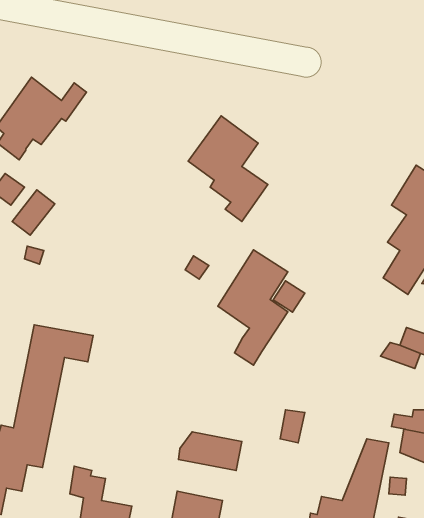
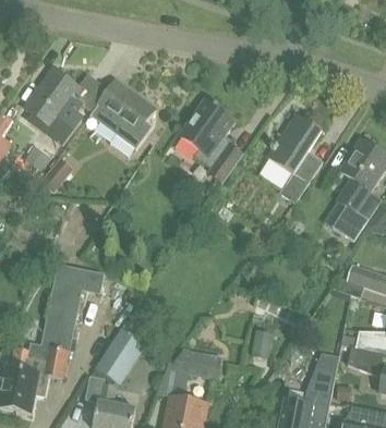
building: none -> [82,78,155,149]
building: [218,250,288,365] -> [266,111,322,203]
building: none -> [93,328,145,386]

